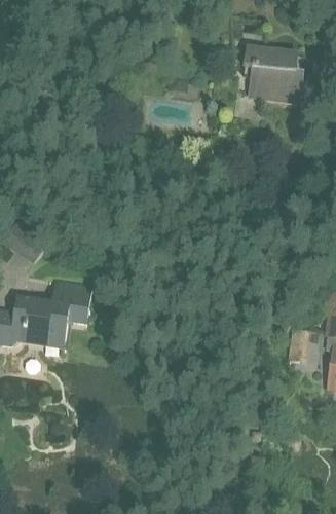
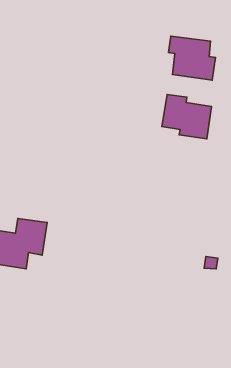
building: none -> [162,95,211,139]

